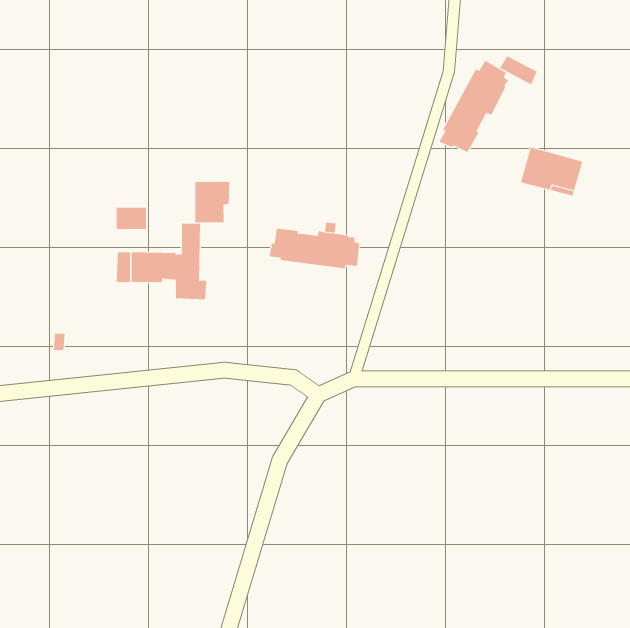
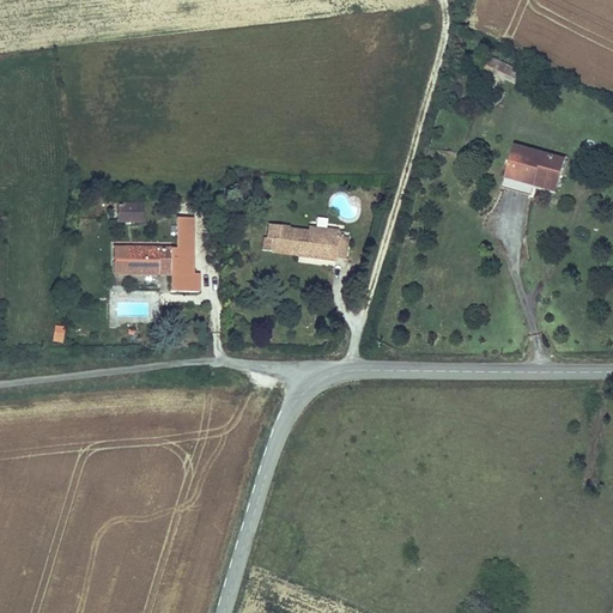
building: [439,60,509,153] -> none
building: [195,181,230,223] -> none

